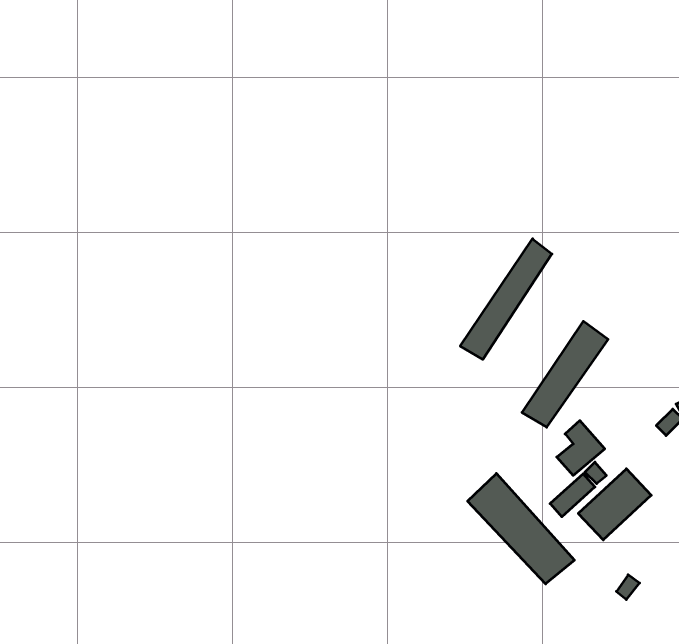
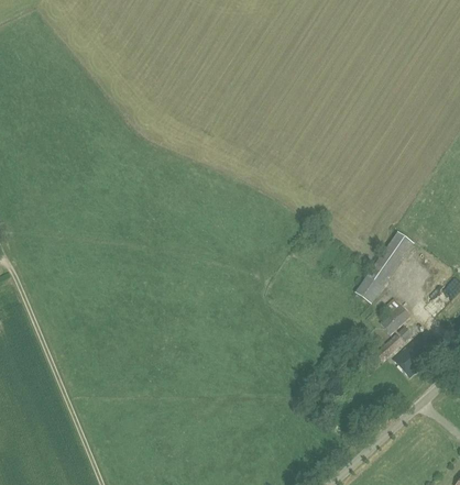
building: [460,239,552,359] -> none
building: [468,473,574,584] -> none

